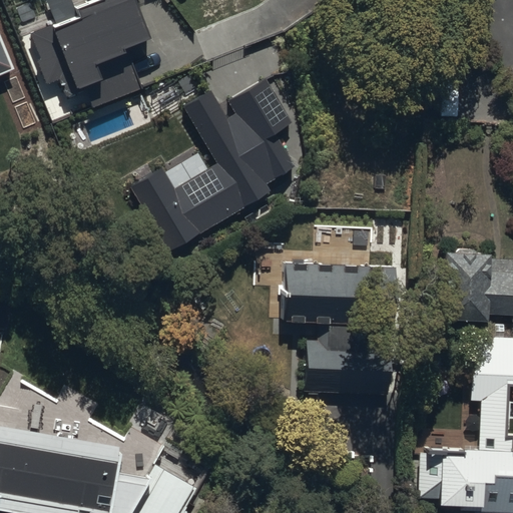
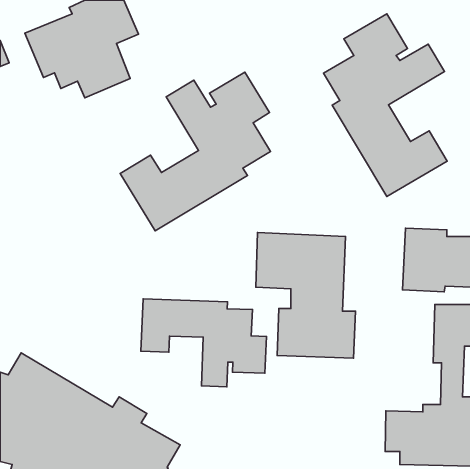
building: none -> [324,14,447,197]
building: none -> [141,299,266,387]

